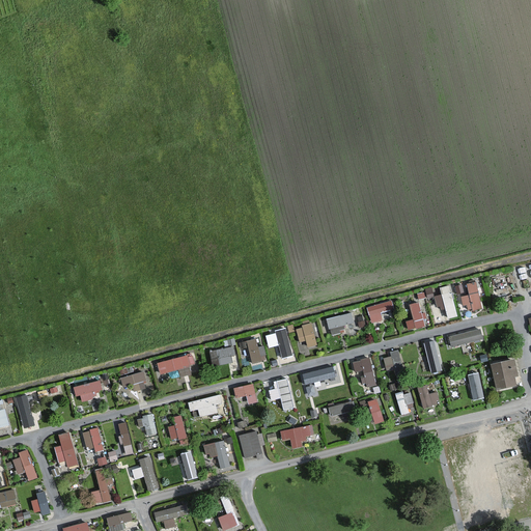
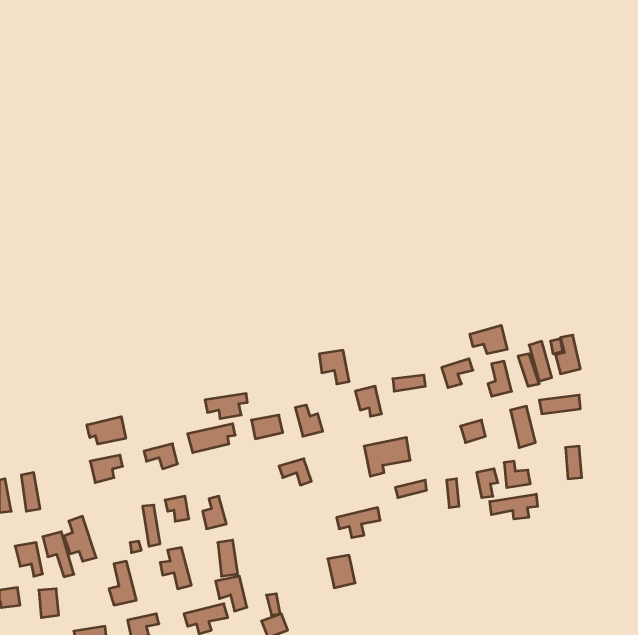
building: none -> [470,325,507,354]
building: [267,330,291,358] -> [319,350,349,384]
building: none -> [87,417,126,444]
building: [351,358,375,388] -> none
building: [493,363,518,392] -> none
building: [269,380,291,411] -> none
building: [187,396,222,417] -> [205,394,247,419]
building: none -> [490,494,538,519]
building: [82,428,108,466] -> [43,532,74,577]
building: [239,431,261,458] -> [328,555,355,588]
building: [204,441,230,470] -> [216,576,247,611]

